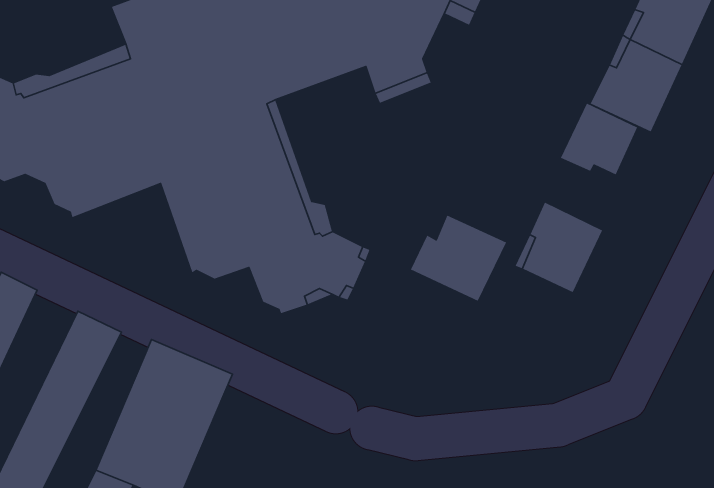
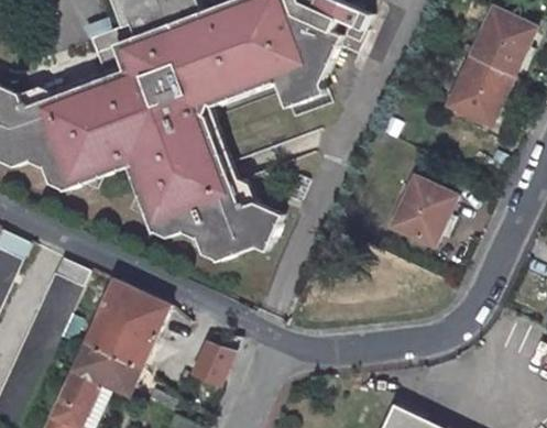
building: [560,103,638,175] -> none
building: [410,214,507,302] -> none
building: none -> [186,332,234,383]

